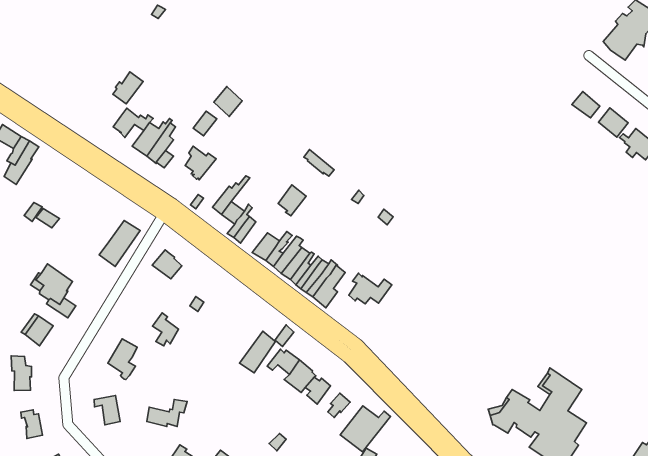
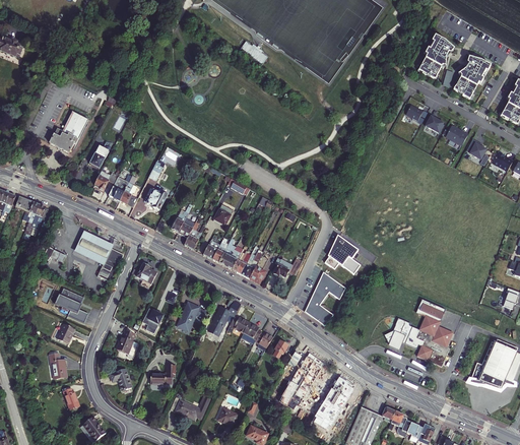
building: none -> [50,109,88,151]
building: none -> [75,230,114,264]
building: none -> [324,236,360,274]
building: none -> [304,273,345,327]
building: none -> [176,304,204,333]

